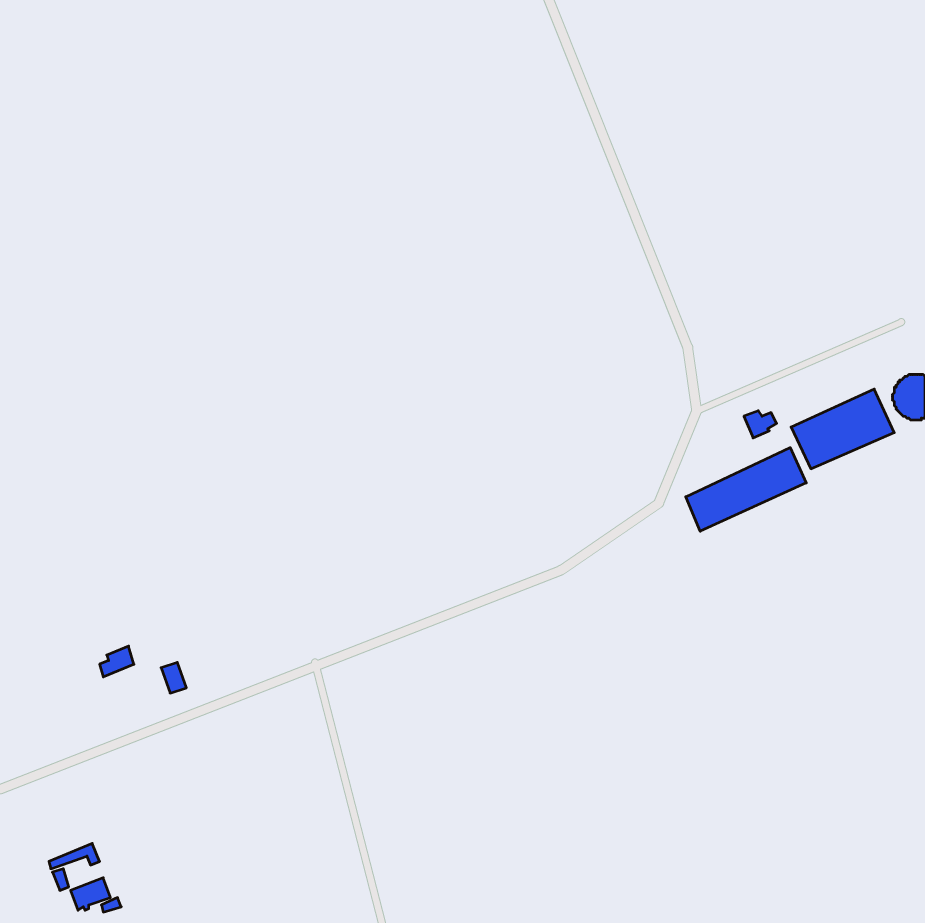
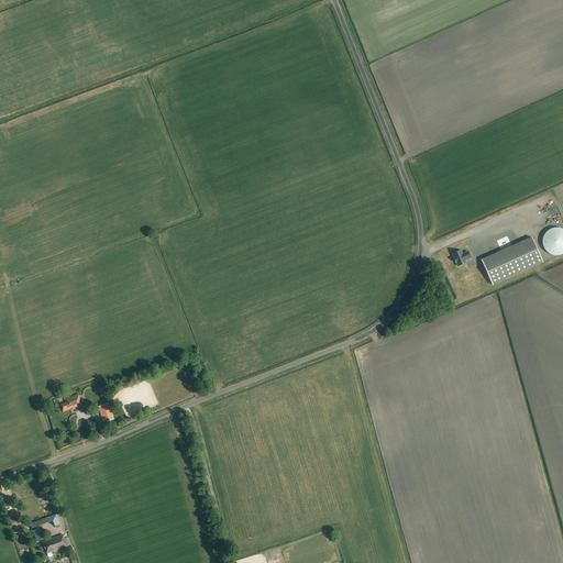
building: [686,448,806,531] -> none

